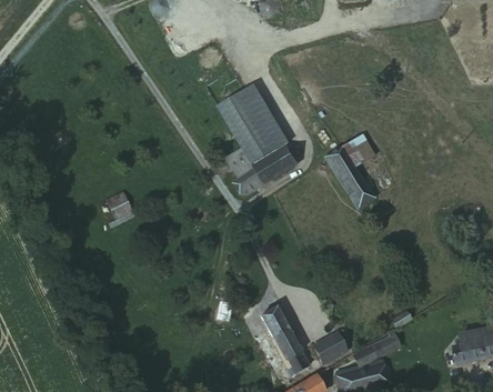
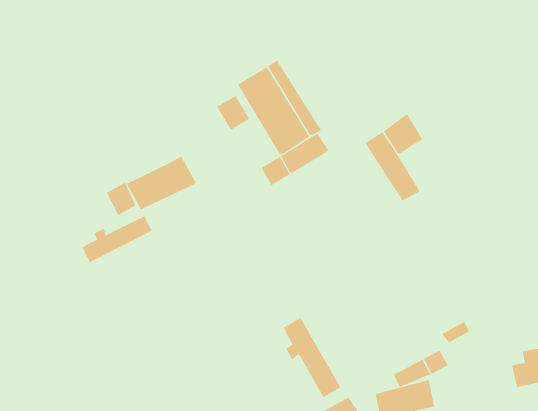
building: [228,149,256,179] -> [216,95,250,130]
building: none -> [126,156,197,210]
building: none -> [82,215,153,263]
building: [313,330,348,365] -> none

